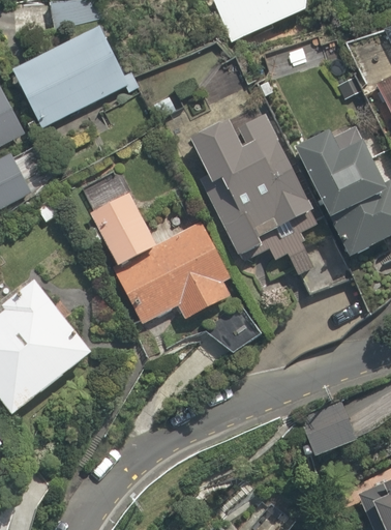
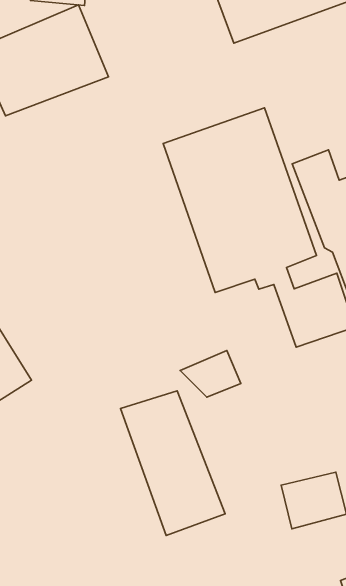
building: [88,189,231,318] -> none
building: none -> [121,391,225,535]

